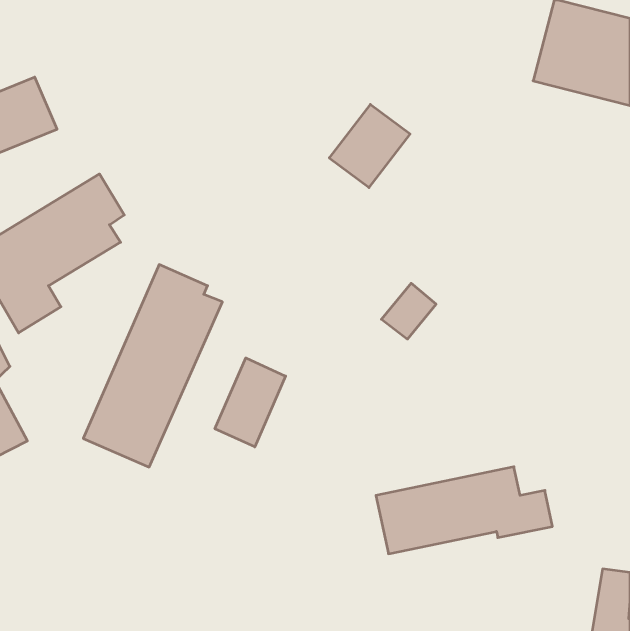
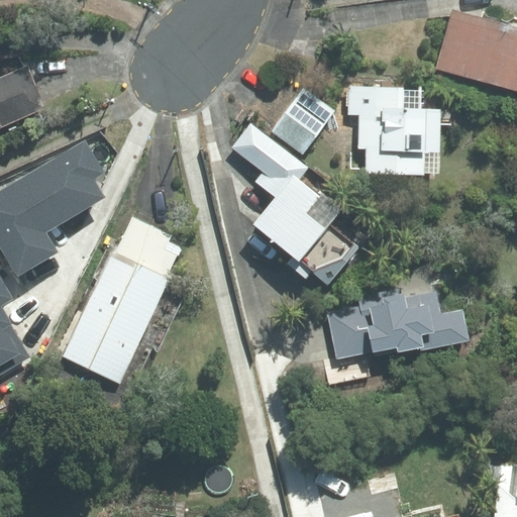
building: none -> [347,85,441,173]
building: none -> [231,123,327,257]
building: [215,358,286,447] -> none
building: [376,467,552,554] -> [325,290,469,360]

